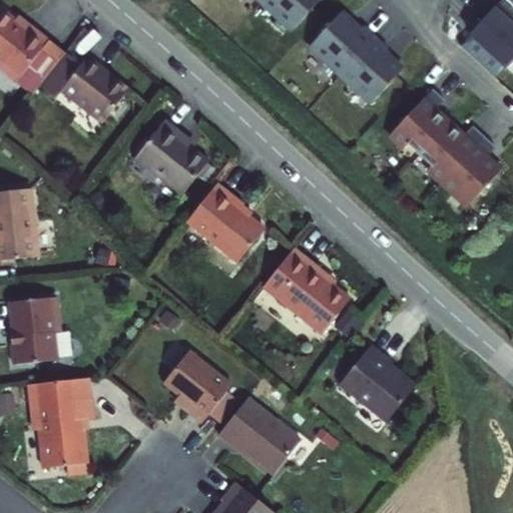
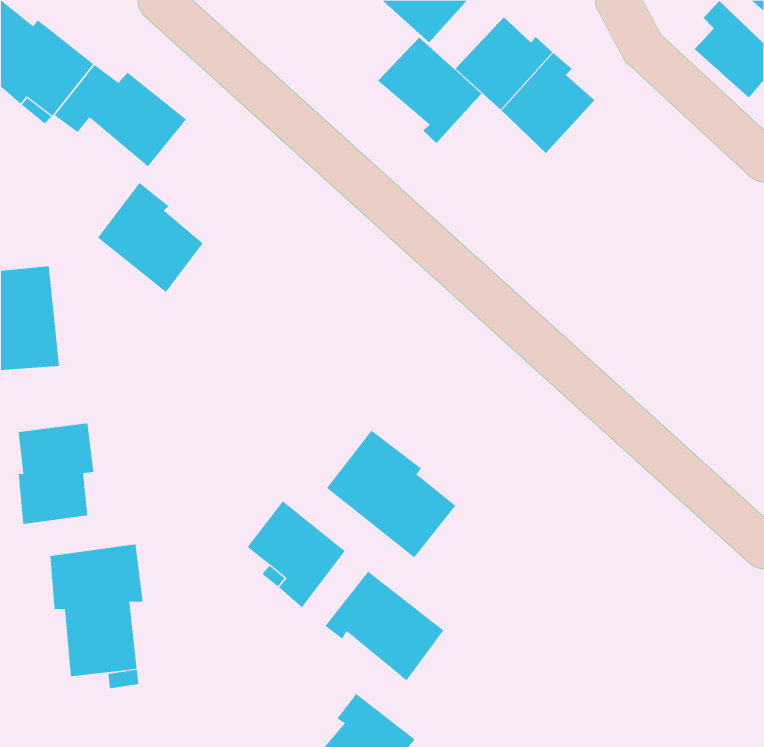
building: none -> [377,37,482,144]
building: [386,99,497,216] -> none
building: [133,119,204,193] -> [97,182,203,293]
building: [187,180,265,259] -> none
building: [263,246,350,333] -> [326,430,456,558]
building: [339,346,414,420] -> none

